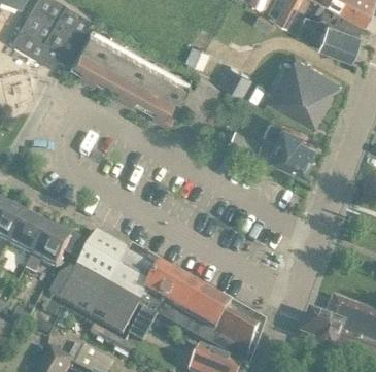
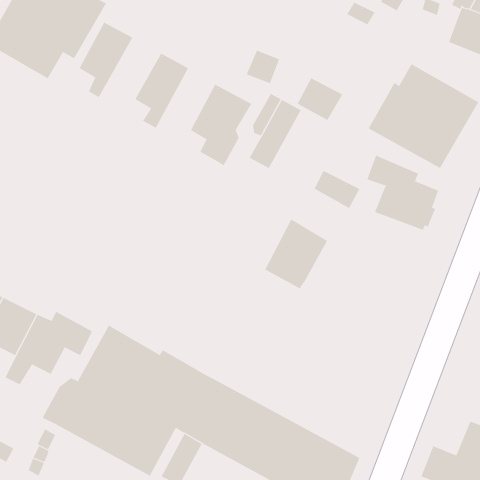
building: [87,39,128,84] -> none
building: [125,60,164,104] -> none
building: none -> [264,218,328,289]

